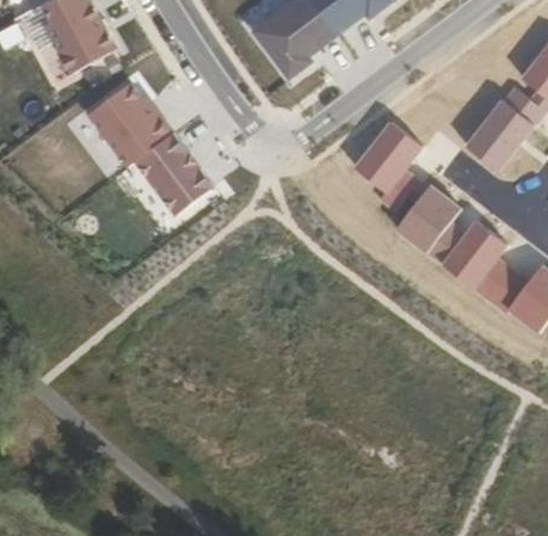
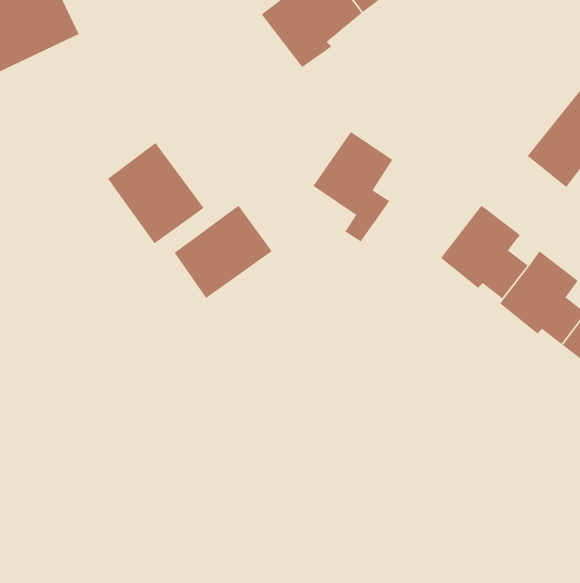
building: [86,78,173,167] -> none
building: [358,123,421,210] -> [313,131,393,242]
building: none -> [174,205,272,299]

